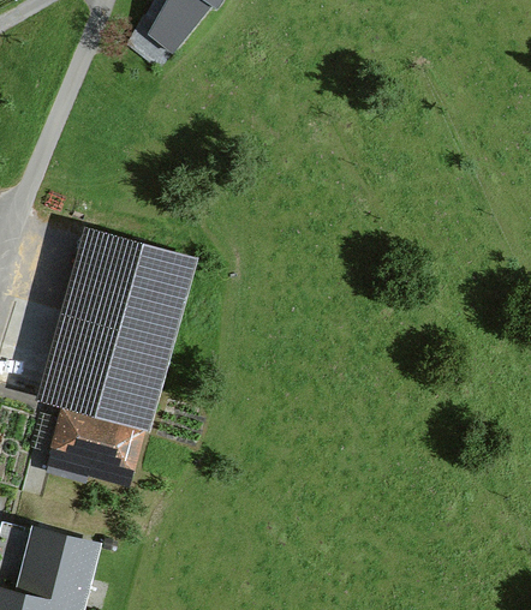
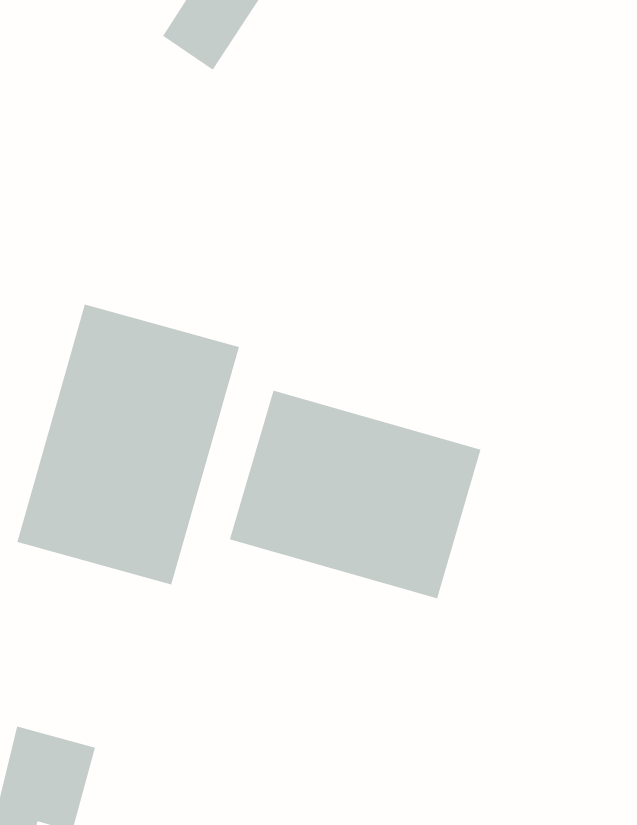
building: none -> [229,390,481,599]
building: [48,407,147,477] -> none

